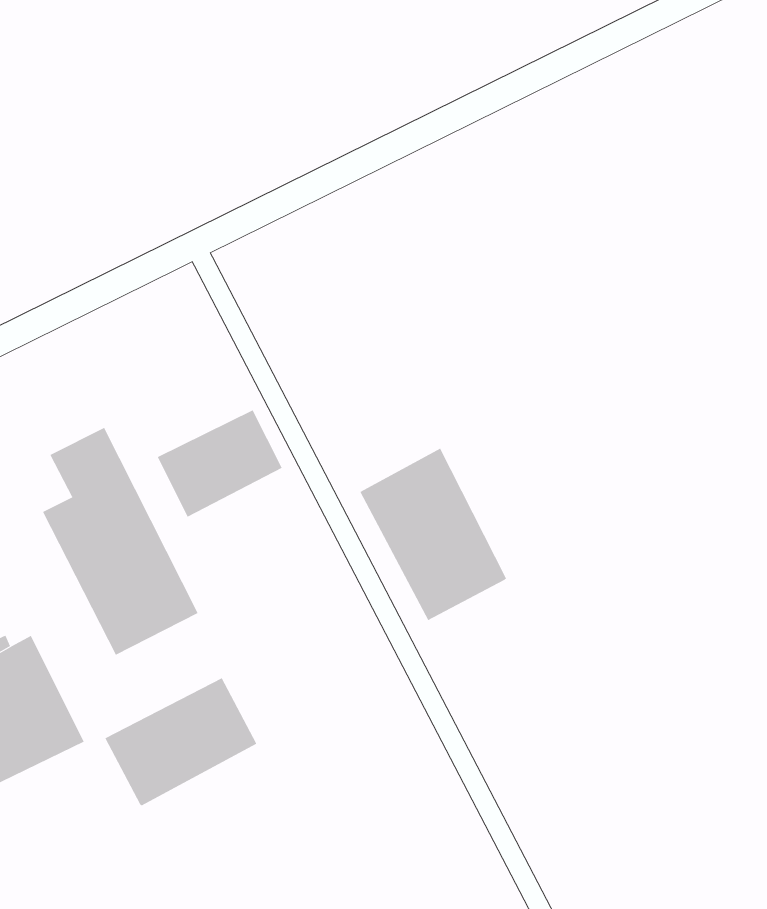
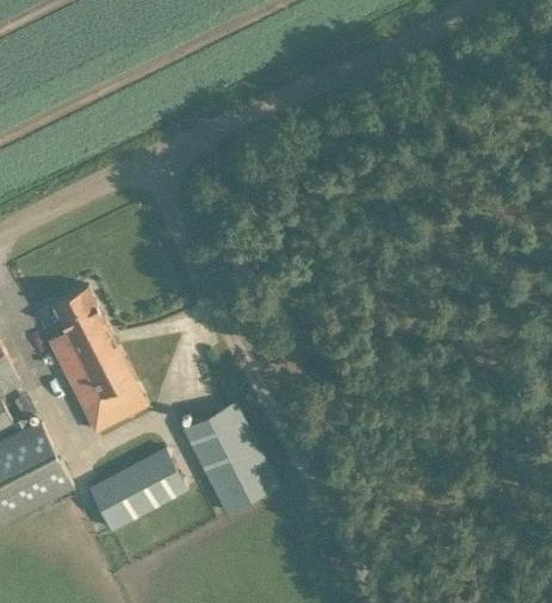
building: [157,409,282,517] -> none
building: [360,448,507,621] -> [181,400,277,512]

